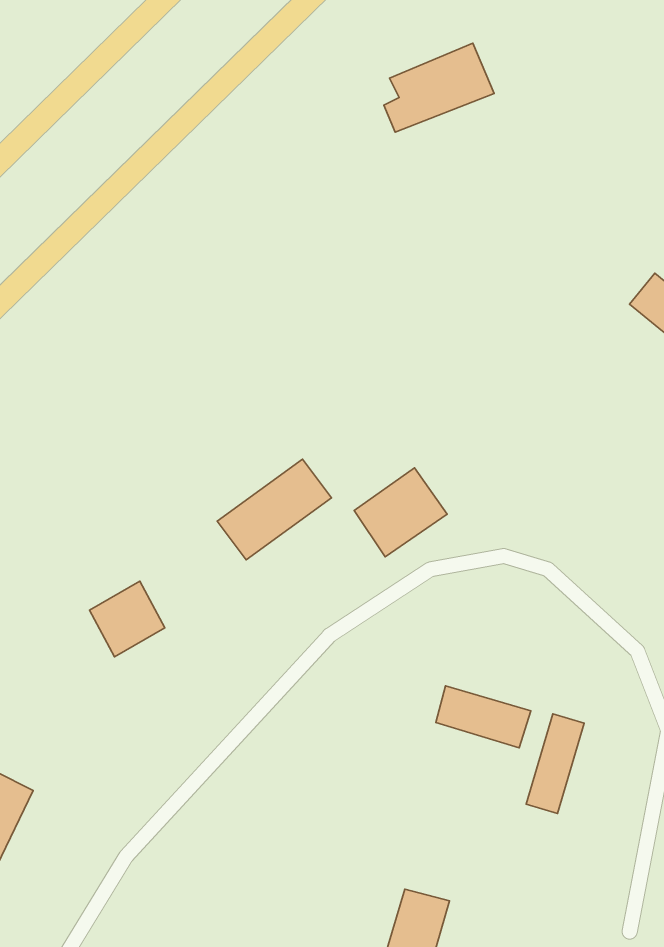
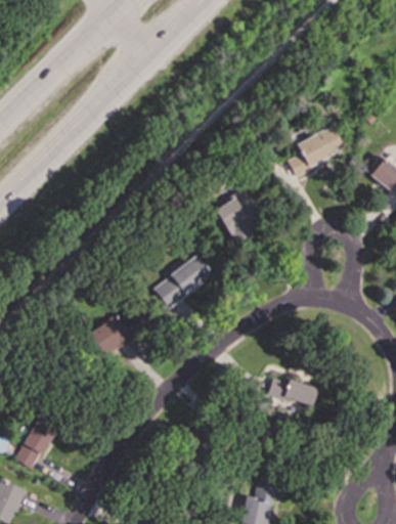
building: [384,43,494,132] -> [288,126,346,173]
building: [354,468,447,557] -> [217,187,266,234]
building: [526,714,584,814] -> none

